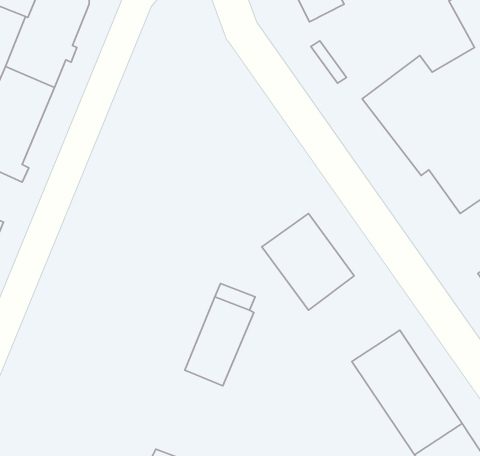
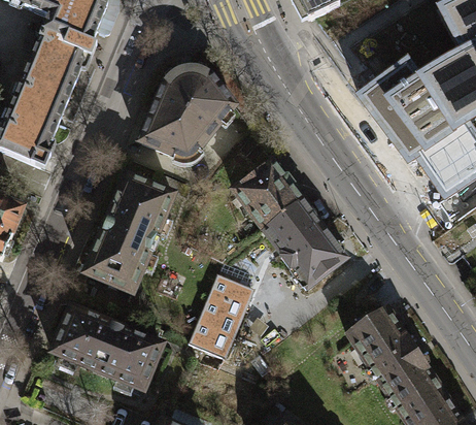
building: none -> [136,68,233,162]
building: none -> [233,155,307,229]
building: none -> [87,176,174,293]
building: none -> [54,306,164,390]

